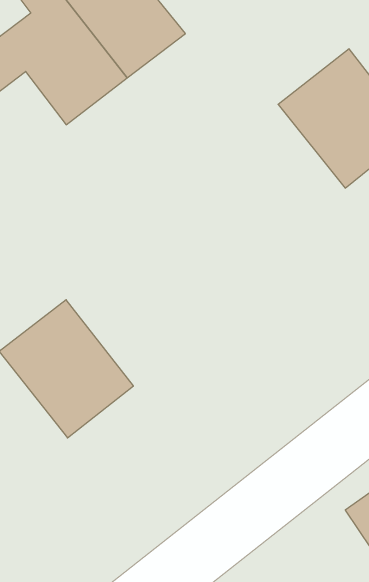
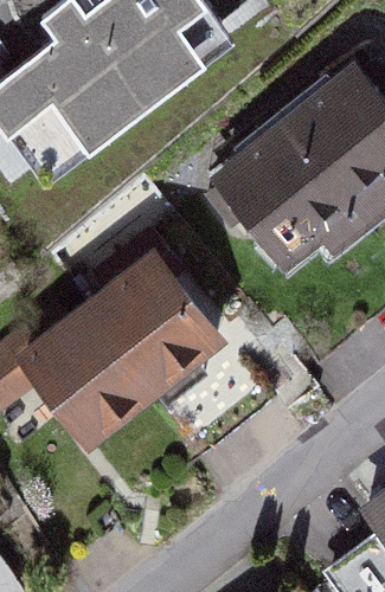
building: none -> [225,128,354,258]
building: none -> [94,262,219,391]

